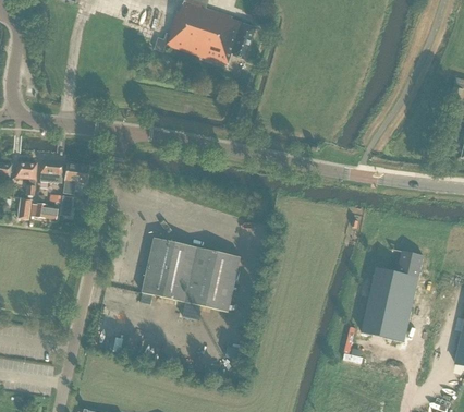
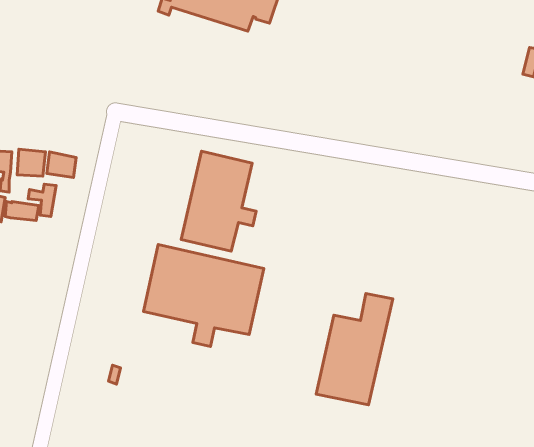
building: none -> [181,151,256,251]
building: [361,251,423,341] -> [316,294,393,405]

